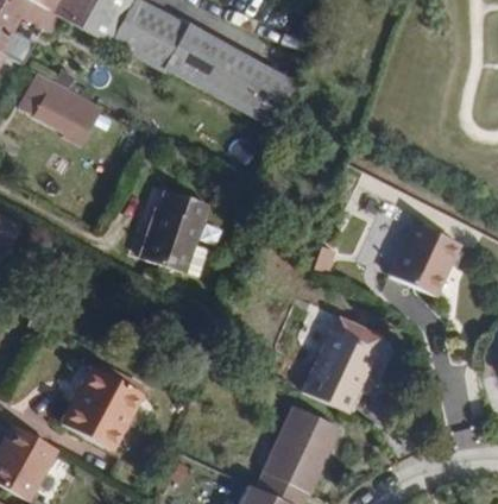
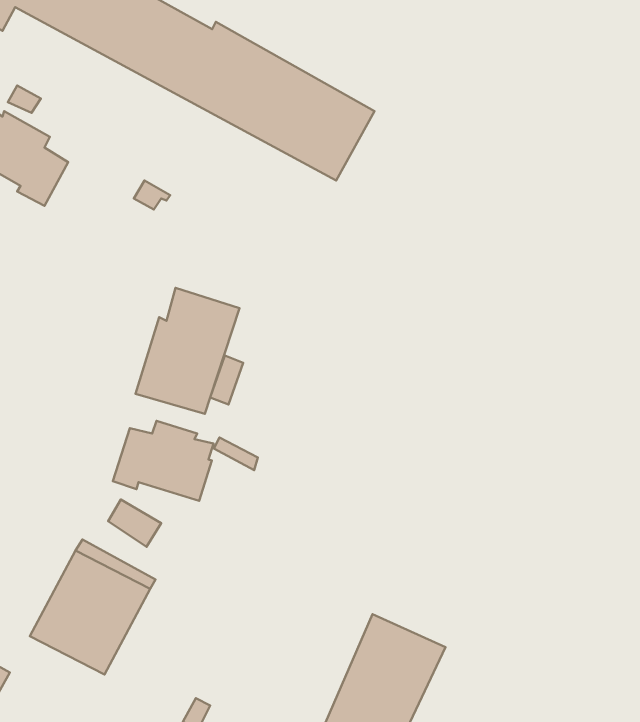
building: [384,218,454,290] -> none
building: none -> [113,421,213,501]
building: [301,328,377,412] -> none

